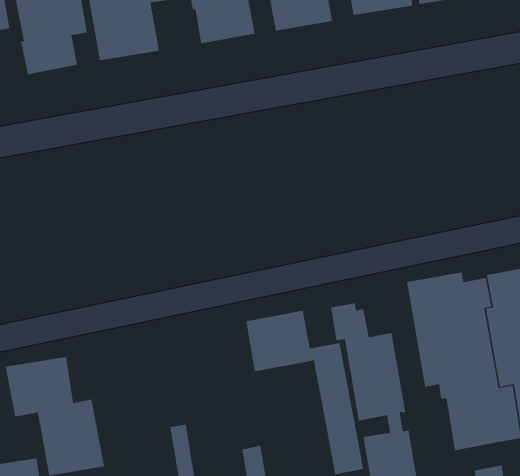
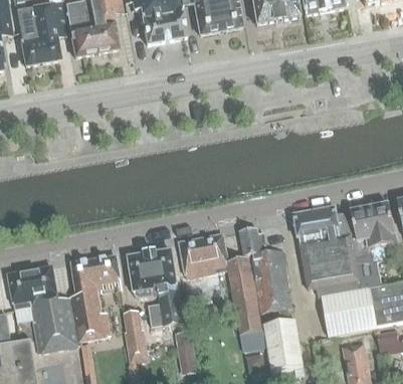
building: none -> [129,249,183,327]
building: none -> [71,255,123,340]

